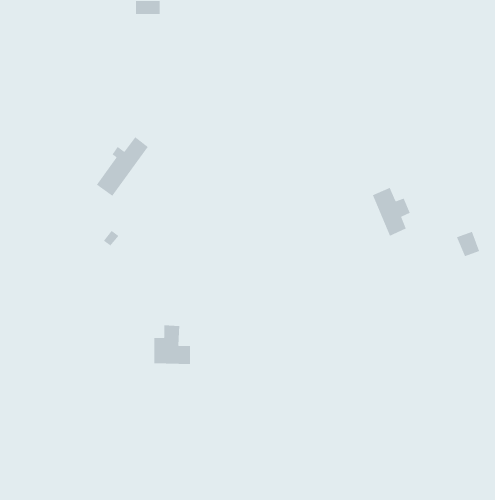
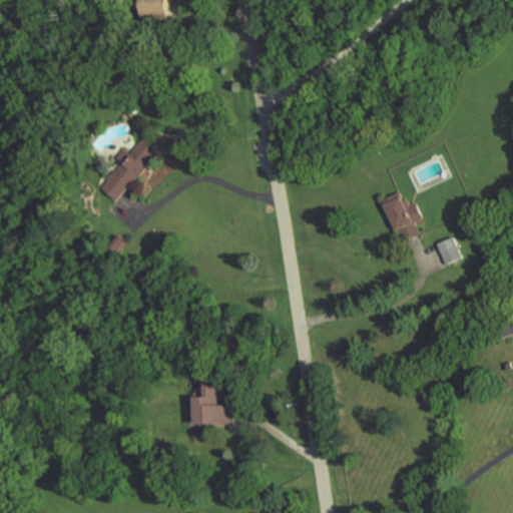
building: [456,231,480,257] -> [435,237,460,265]
building: [154,325,191,365] -> [191,384,229,425]

